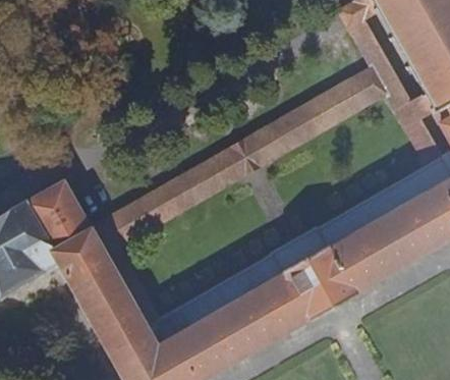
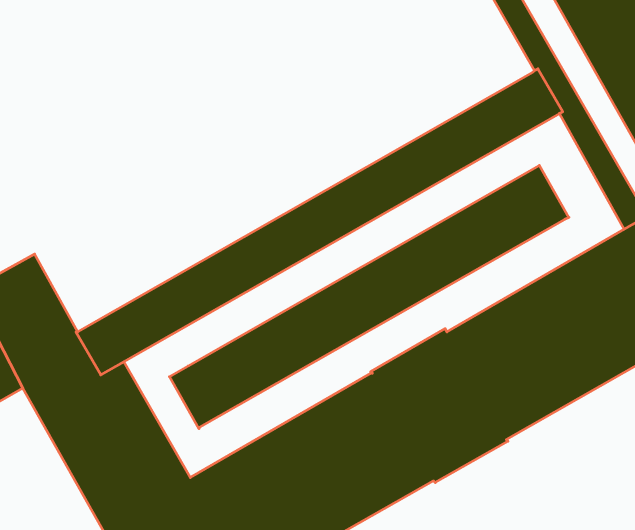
building: none -> [169,165,569,429]

